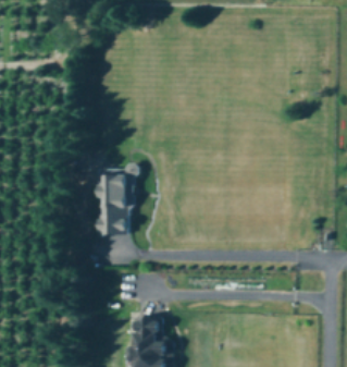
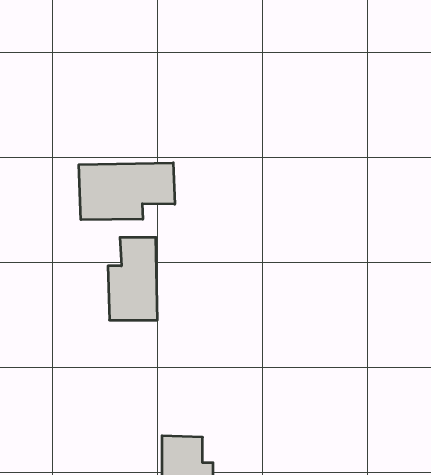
building: none -> [79,163,175,220]

